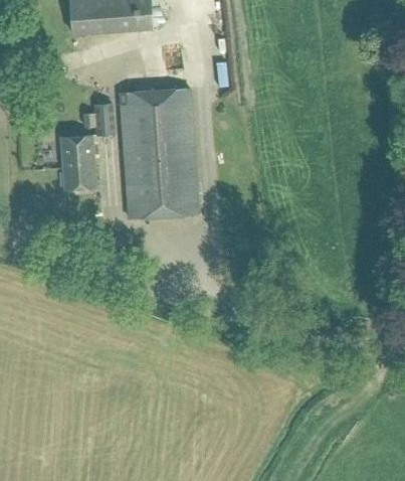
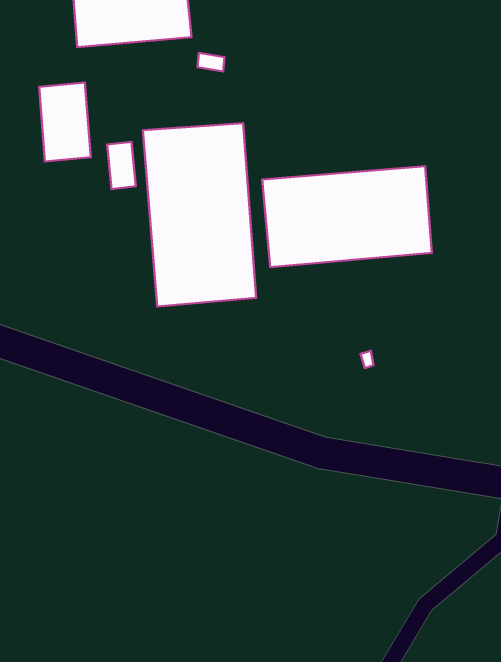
building: none -> [262,166,432,267]
building: [60,135,96,190] -> [39,83,91,161]

